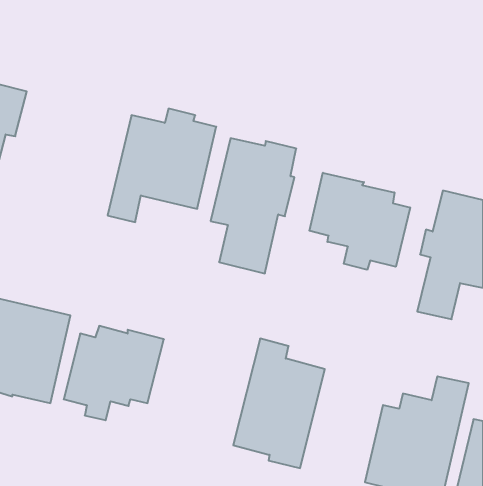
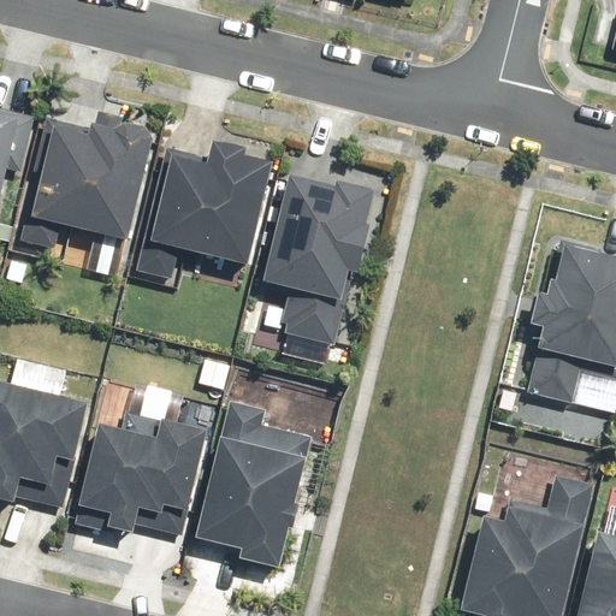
building: none -> [16,109,155,266]
building: [309,173,410,270] -> none
building: [233,339,325,468] -> [194,402,309,565]

